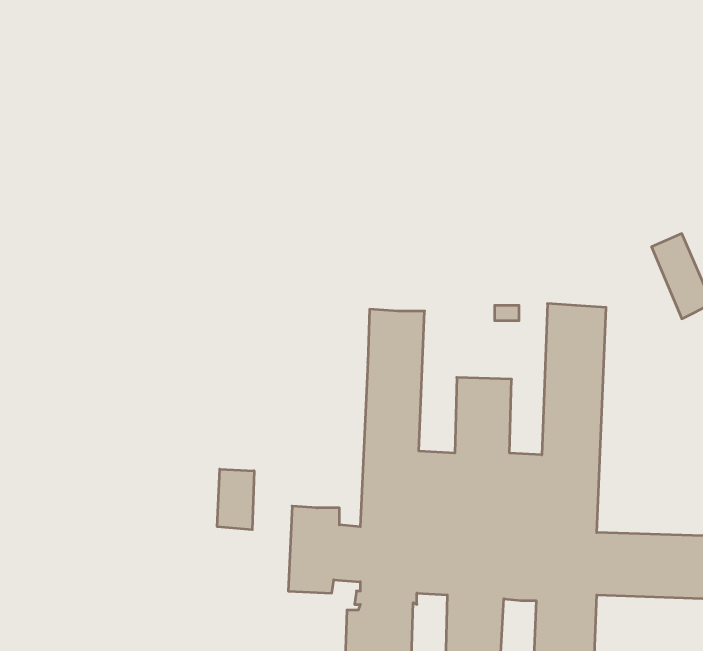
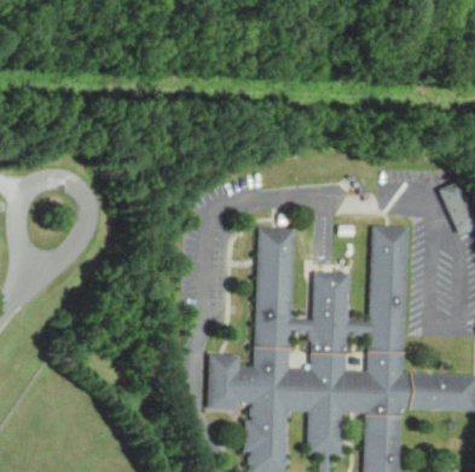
building: [217,469,254,530] -> none

